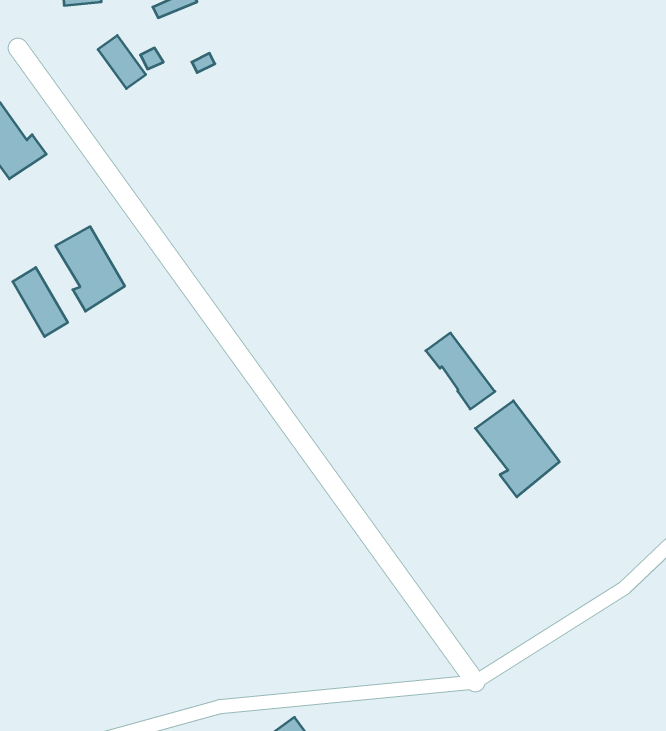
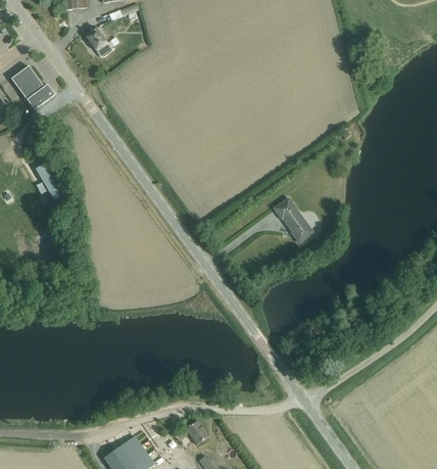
building: [56,227,125,311] -> none
building: [475,401,559,497] -> none

